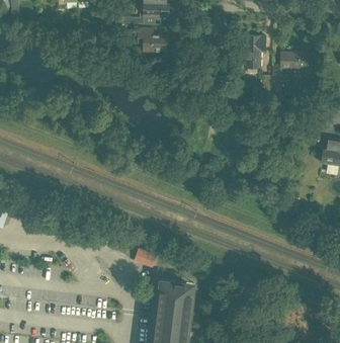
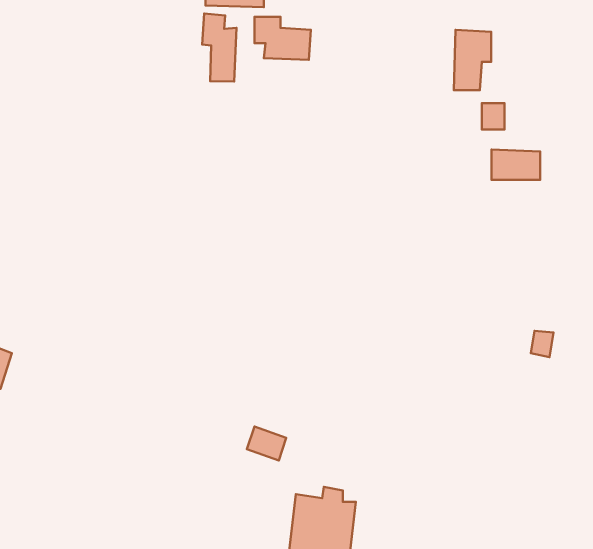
building: none -> [202,13,236,81]
building: [281,51,308,67] -> [491,150,540,180]

